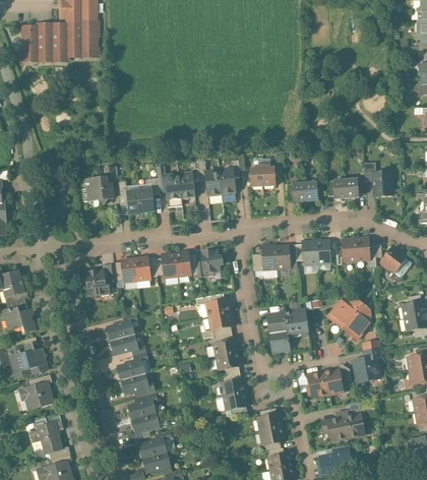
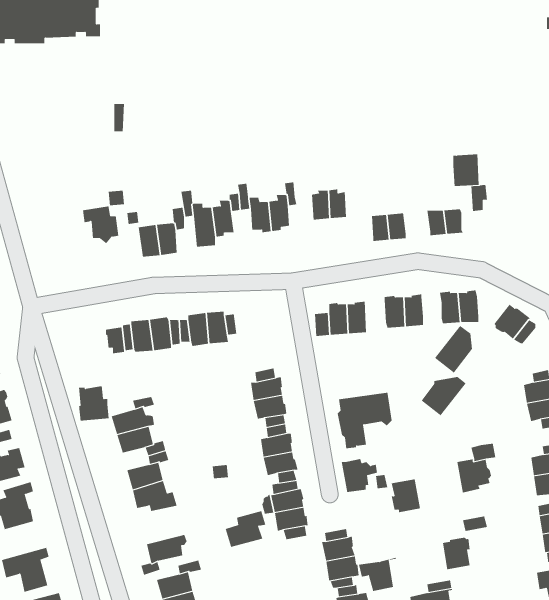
building: [373,172,392,195] -> [452,154,480,187]
building: [201,251,223,277] -> none
building: [86,269,109,295] -> [78,386,110,421]
building: [343,304,370,339] -> [434,325,473,373]
building: [324,369,351,394] -> [341,458,378,493]
building: [128,393,158,419] -> [225,510,266,547]
building: [321,416,349,440] -> [358,557,397,591]

